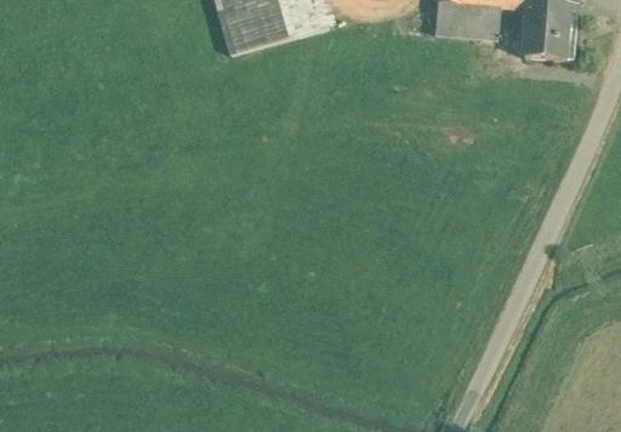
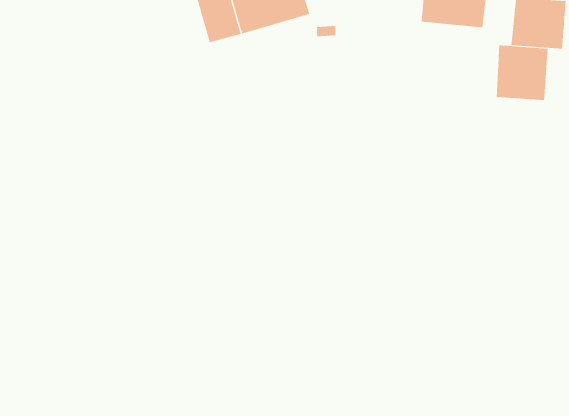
building: none -> [496,44,548,101]

